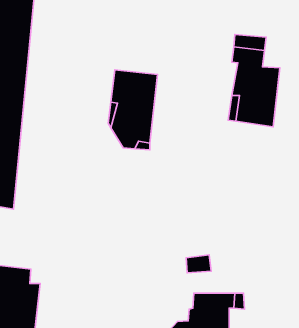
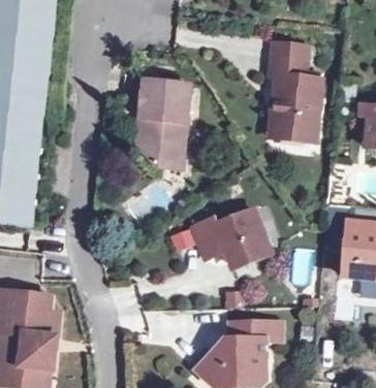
building: none -> [191,207,269,264]

